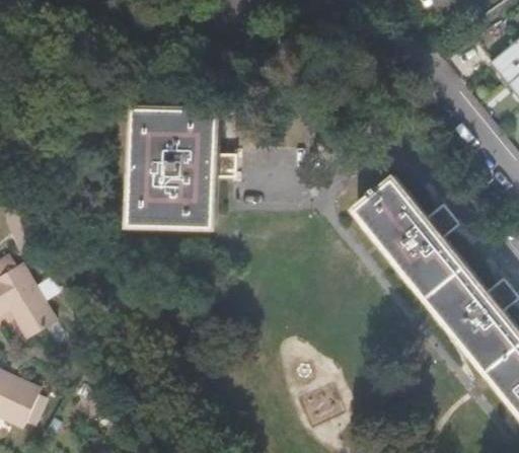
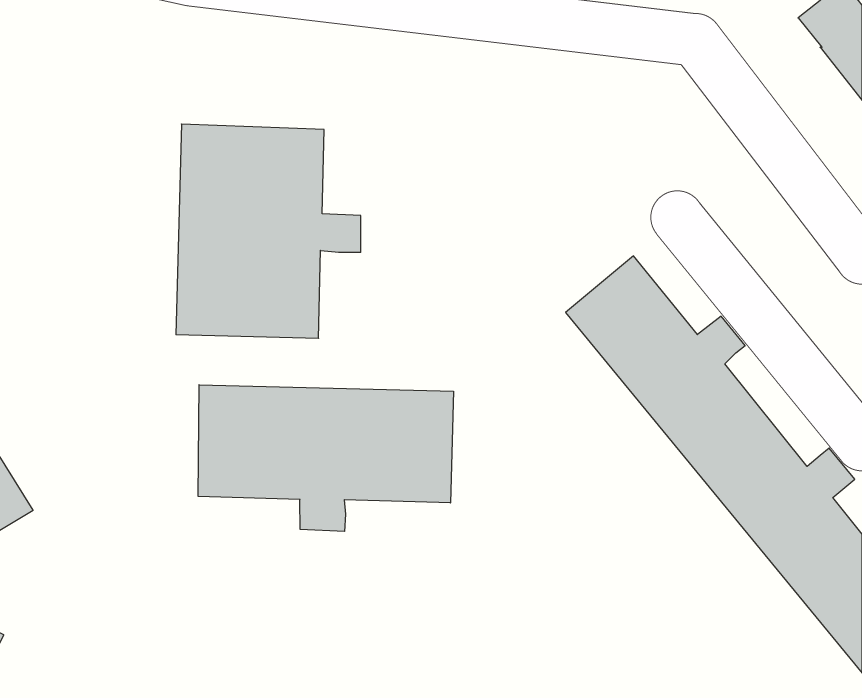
building: none -> [198,385,453,531]

